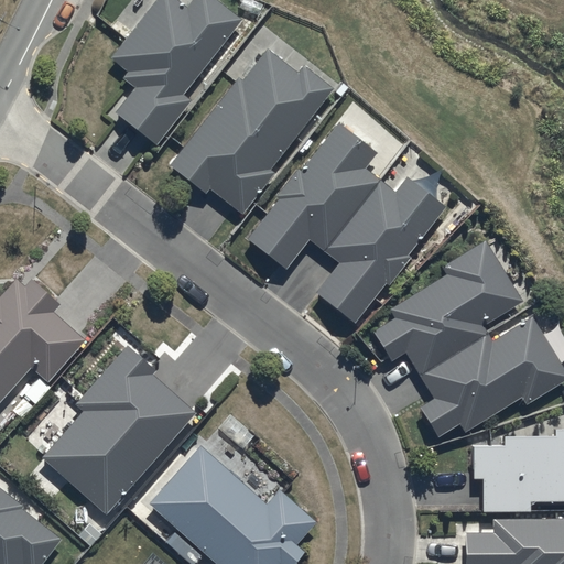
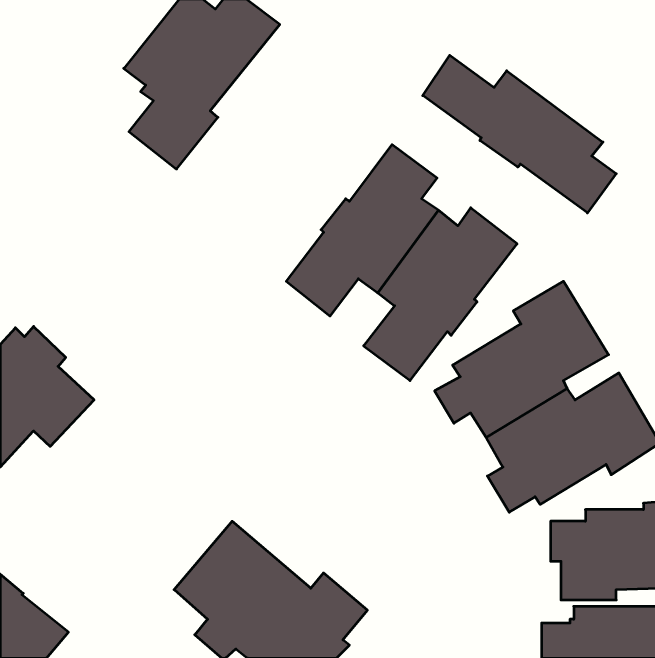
building: none -> [423,55,616,213]
building: [170,50,334,214] -> none
building: [42,345,194,513] -> none

